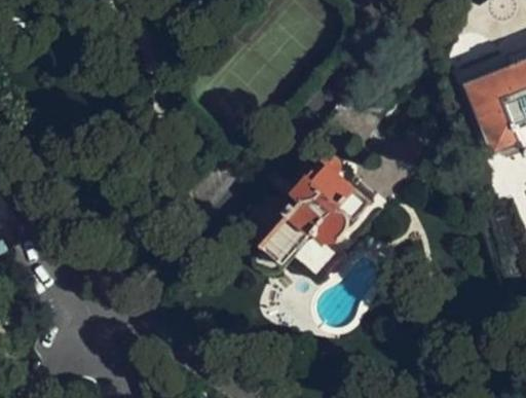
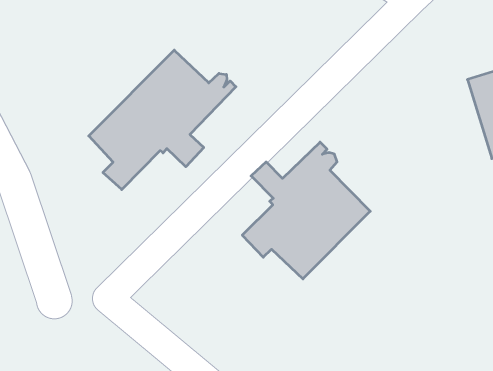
building: none -> [89,50,236,190]

